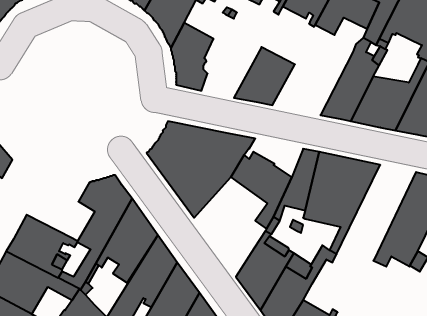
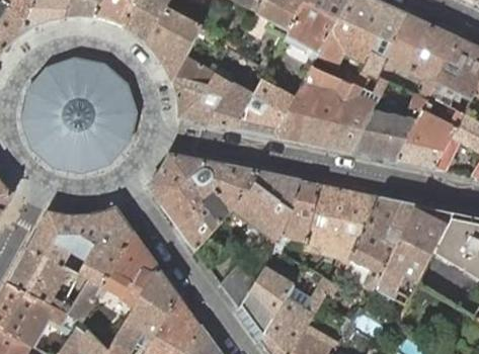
building: none -> [20,58,136,174]
building: none -> [273,67,353,148]
building: none -> [203,72,254,130]
building: none -> [245,171,304,209]
building: none -> [342,197,416,291]
building: none -> [28,211,96,273]
building: none -> [220,264,255,308]

